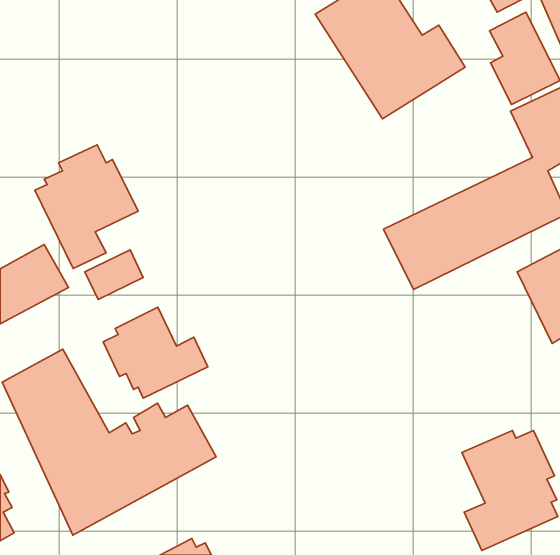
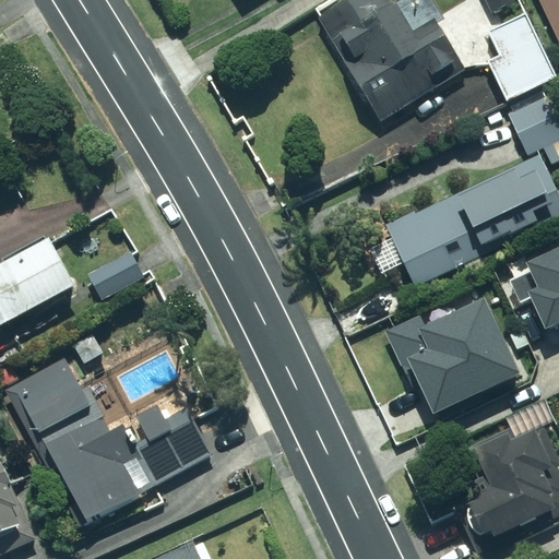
building: [35,145,138,269] -> none
building: none -> [388,298,519,416]
building: [103,307,208,398] -> none

